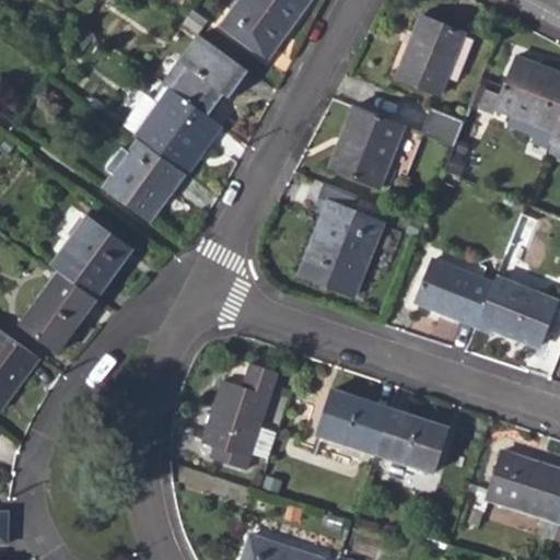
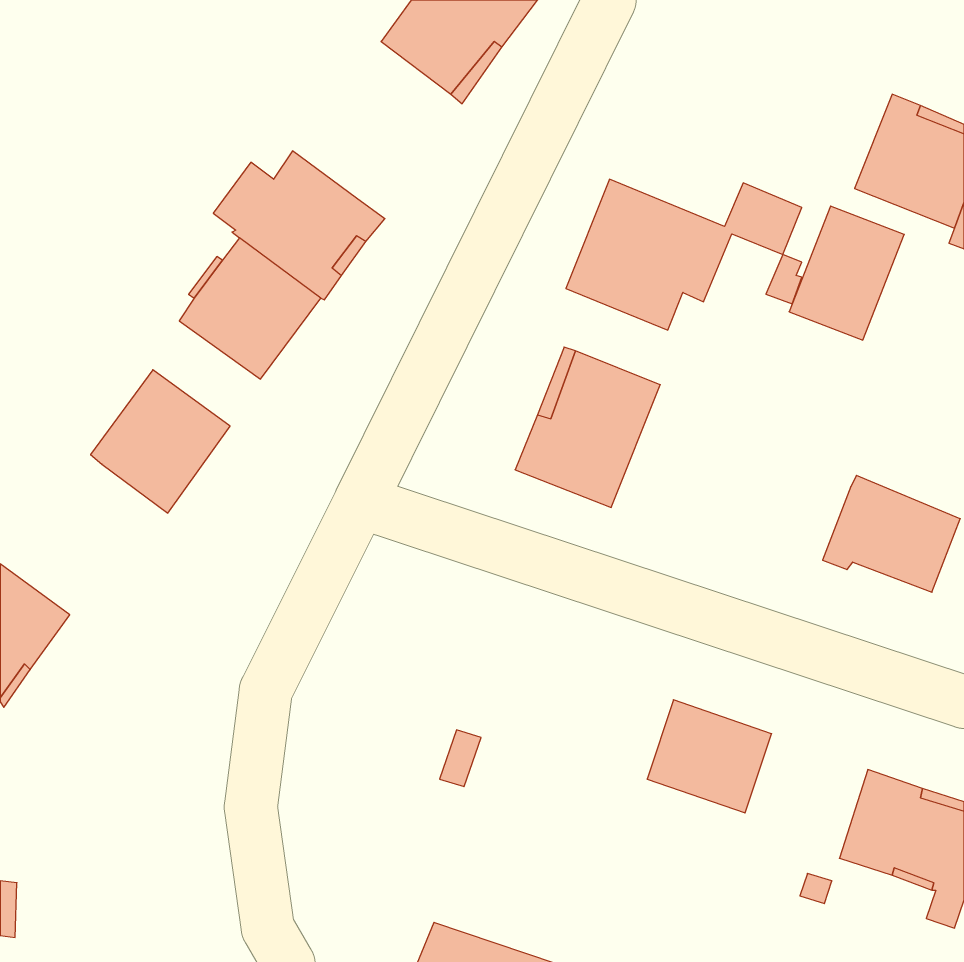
building: [397,16,464,94] -> [789,206,904,340]
building: [163,36,248,116] -> none
building: [417,258,493,326] -> none
building: [20,270,97,353] -> none
building: [201,361,278,470] -> none
building: [317,388,390,453] -> none

